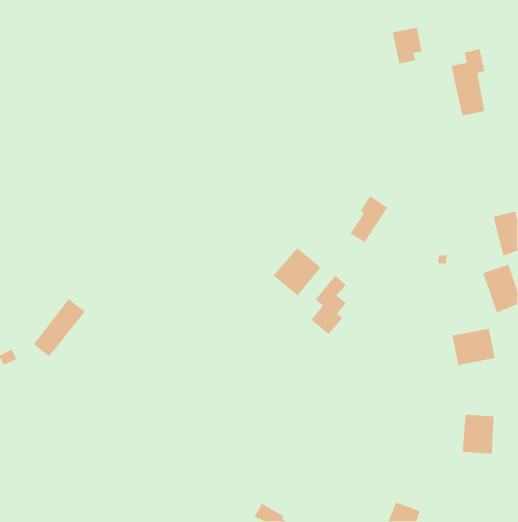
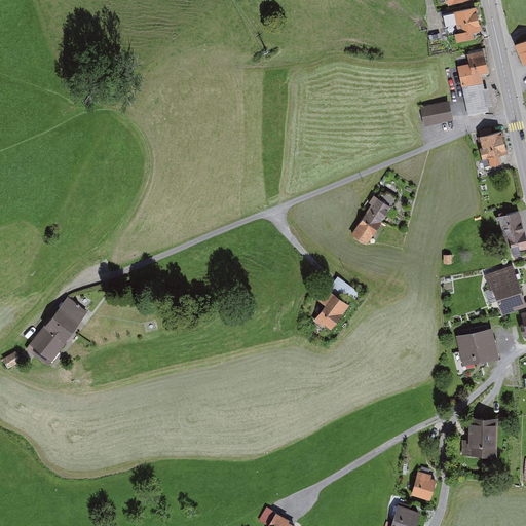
building: [392,27,422,65] -> [452,5,483,43]
building: none -> [416,101,451,126]
building: none -> [479,130,509,167]
building: [273,247,321,296] -> none
building: none -> [410,471,438,500]

